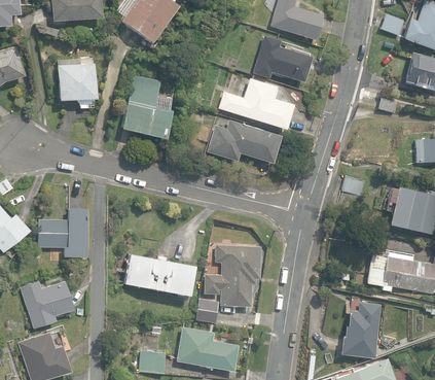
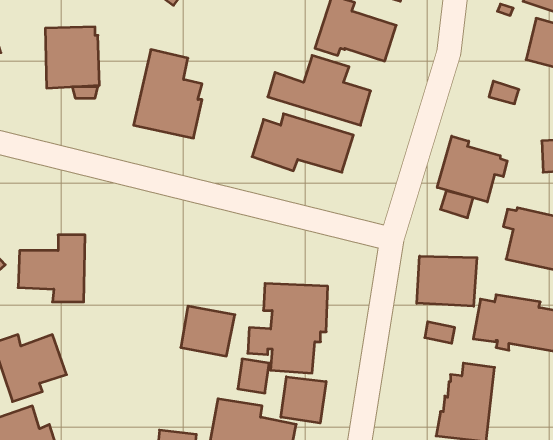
building: none -> [437,136,507,202]
building: none -> [417,256,477,306]
building: [124,253,161,289] -> none
building: none -> [281,377,326,423]

